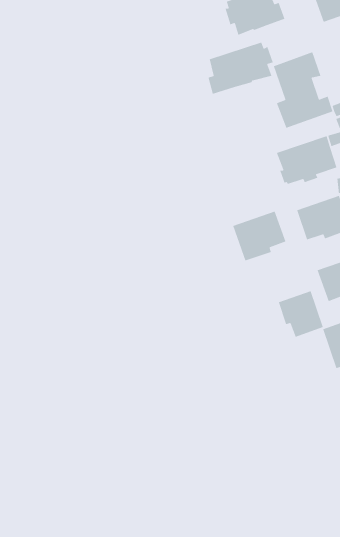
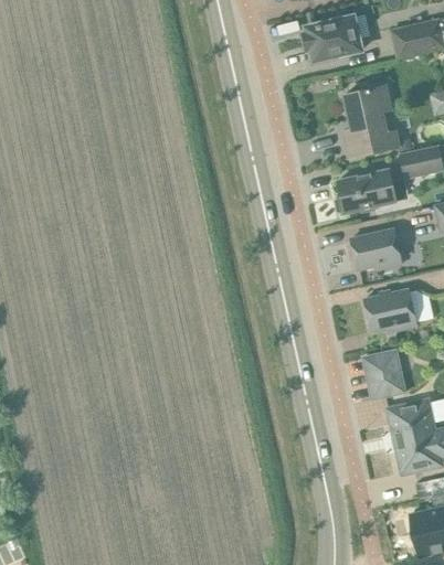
building: [207,42,274,95] -> none
building: [232,210,286,261] -> none
building: [278,290,324,338] -> none

